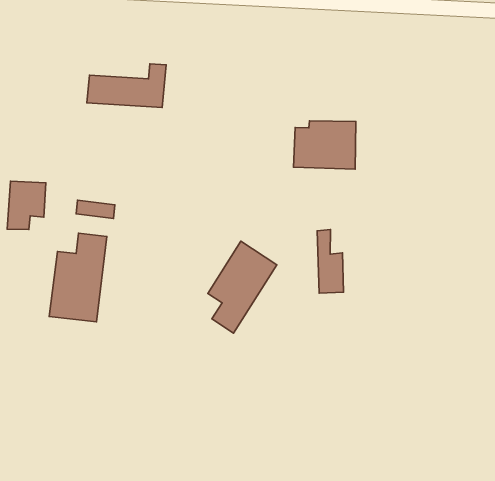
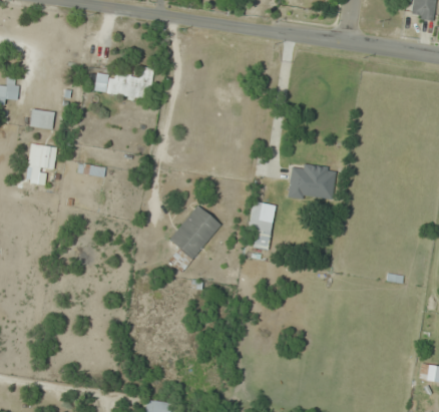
building: [294,121,356,169] -> [287,162,336,201]
building: none -> [29,108,55,129]
building: [49,233,107,322] -> none

